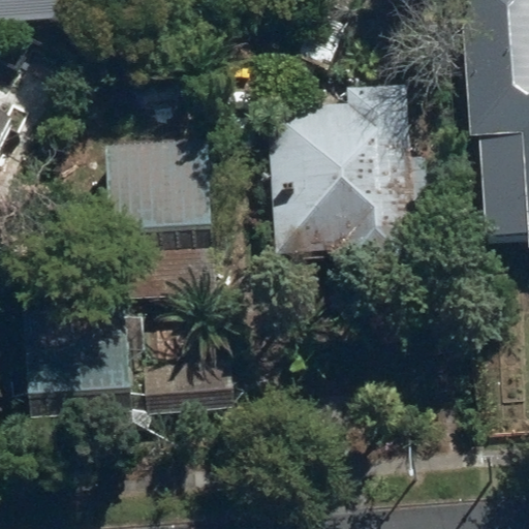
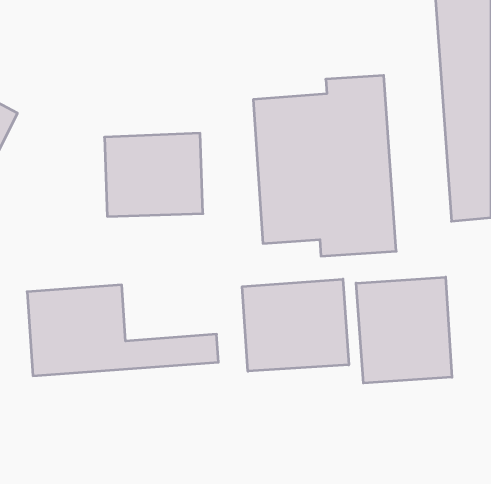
building: none -> [356,277,452,383]
building: none -> [242,279,349,371]

